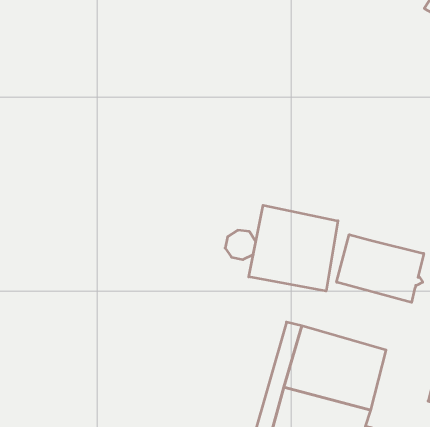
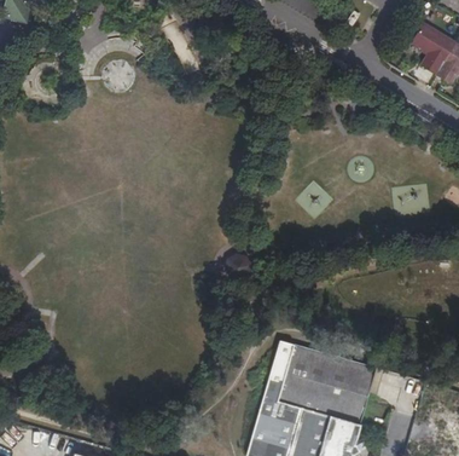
building: [249,205,338,291] -> none
building: [337,235,424,302] -> none

